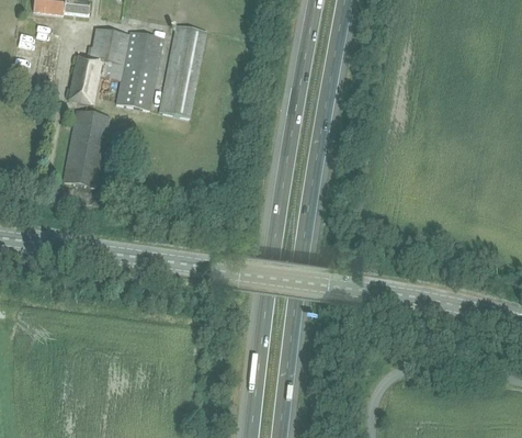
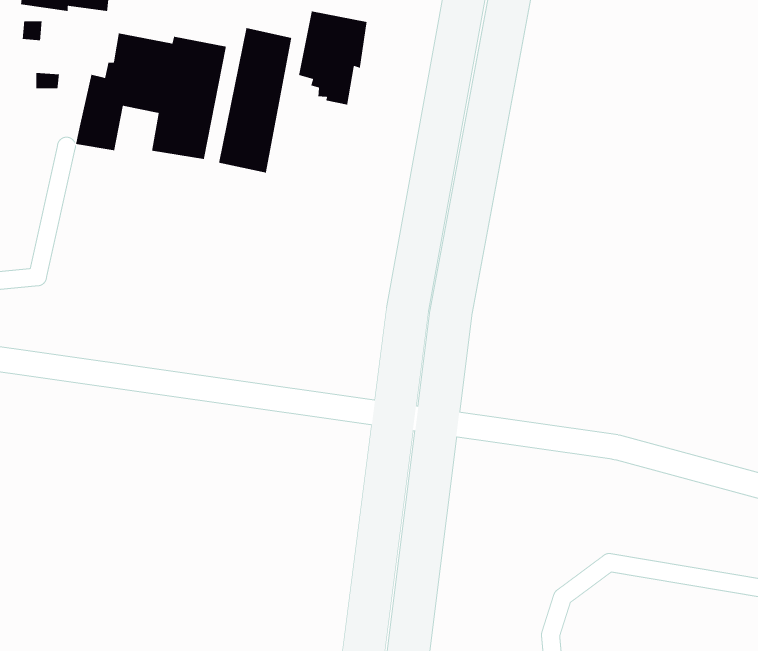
building: none -> [298,11,368,106]
building: [61,109,109,187] -> none

